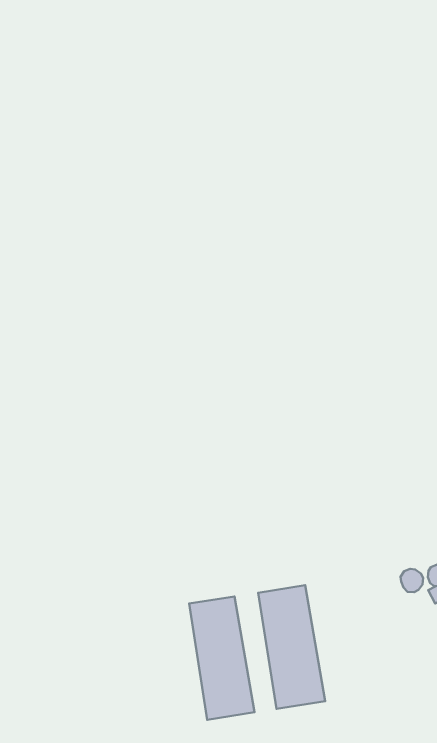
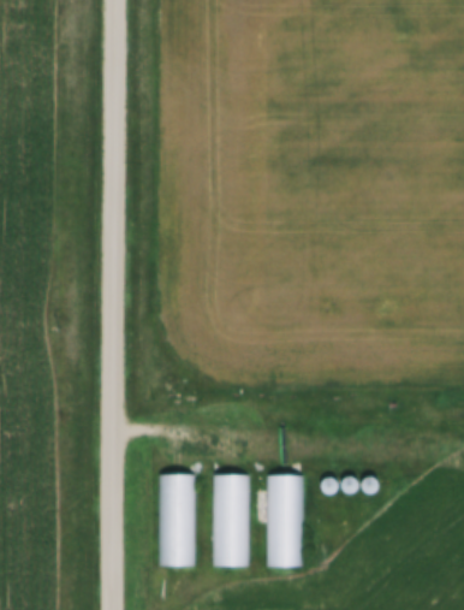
building: none -> [266,475,302,564]

